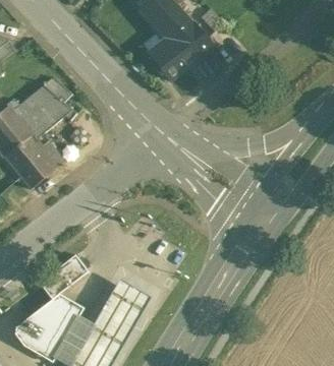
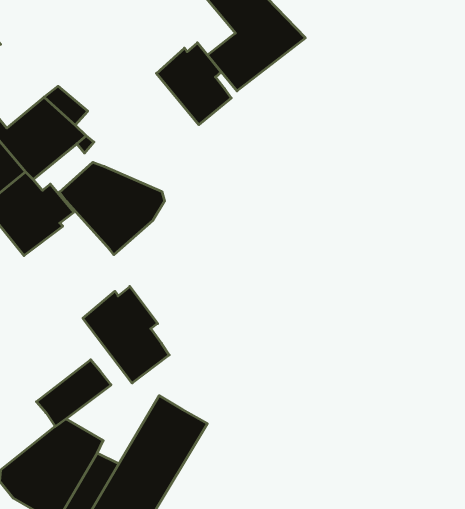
building: none -> [156,43,231,125]
building: none -> [59,162,165,255]
building: none -> [83,286,169,383]

